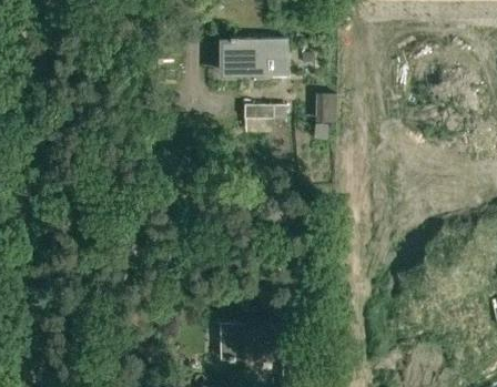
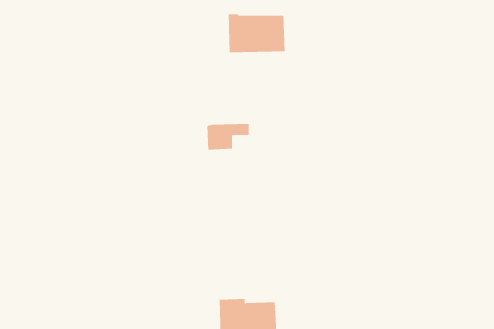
building: [315,93,337,122] -> none
building: [243,104,286,131] -> [206,123,250,150]

